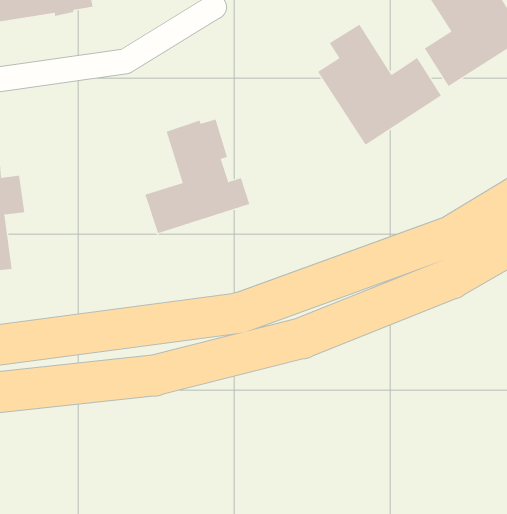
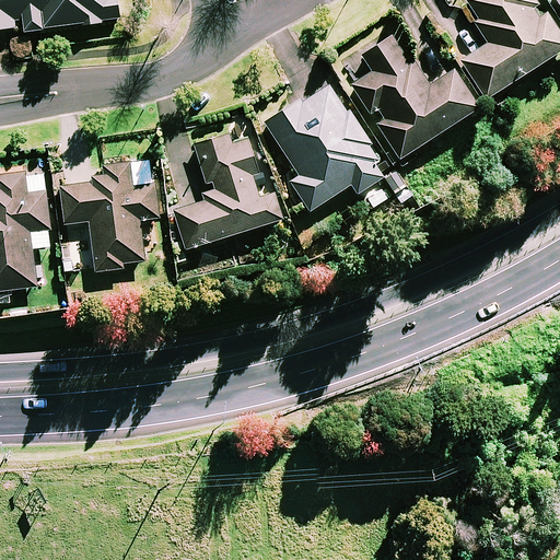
building: none -> [265,83,381,210]
building: none -> [60,161,158,270]

